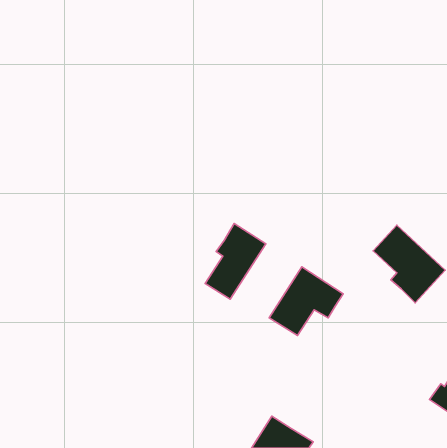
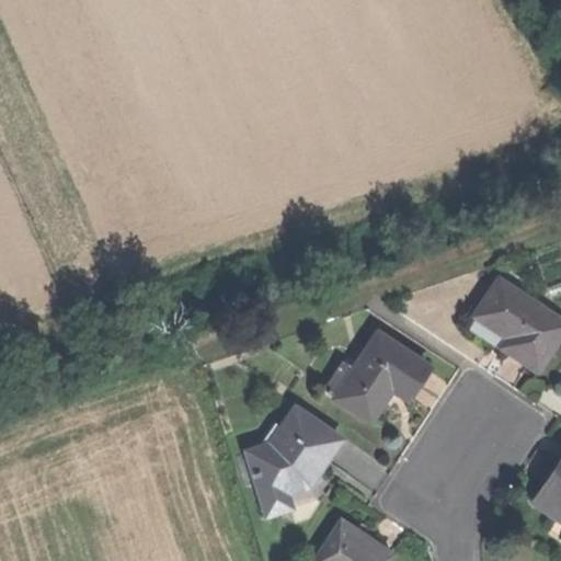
building: [205,223,266,299] -> none
building: none -> [249,408,344,514]

